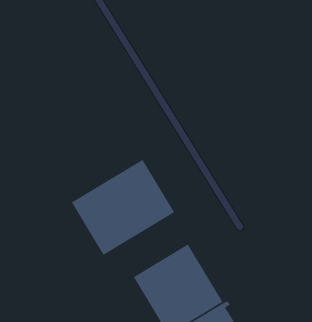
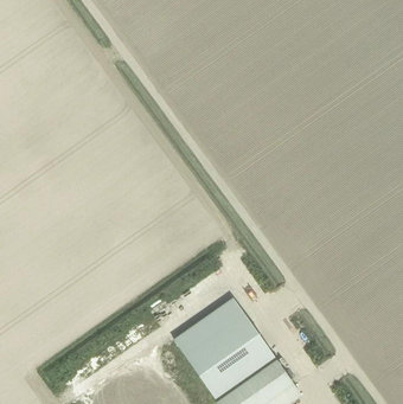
building: [71,159,175,256] -> none

